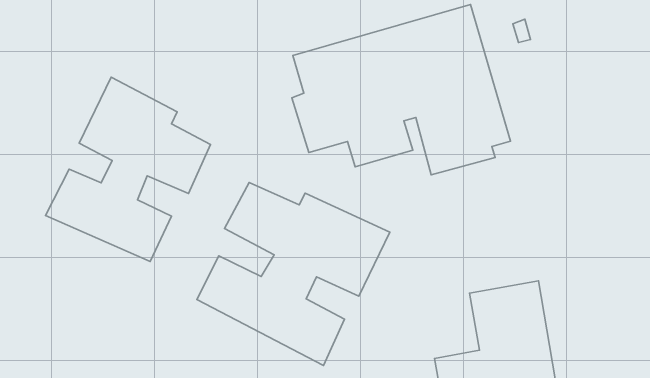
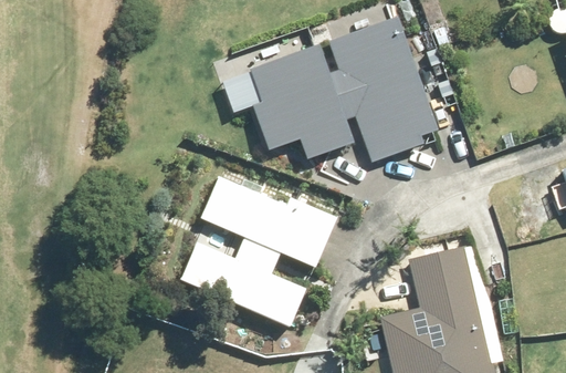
building: [46,77,210,262] -> none

